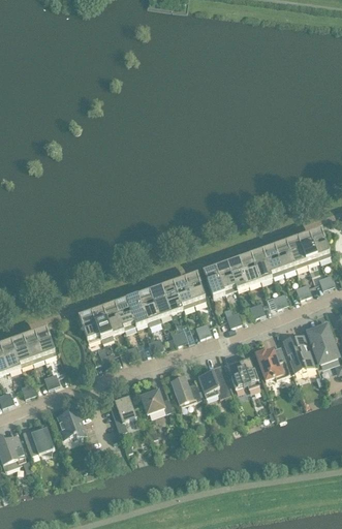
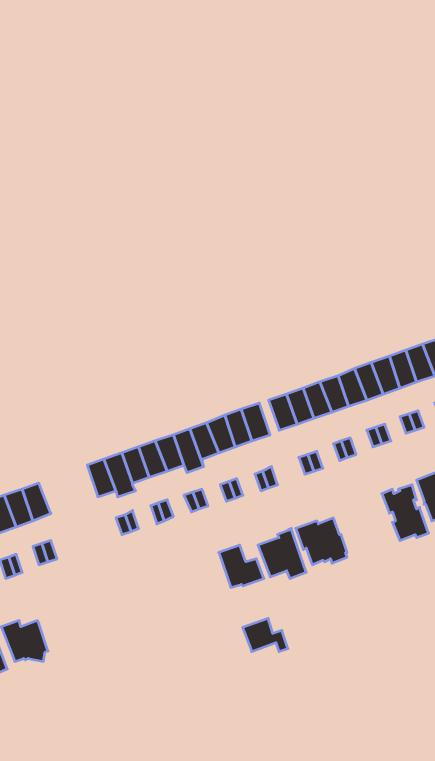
building: [255,344,289,377] -> none
building: [141,387,172,410] -> [243,618,288,652]
building: [111,393,136,430] -> none
building: [57,410,86,435] -> none

